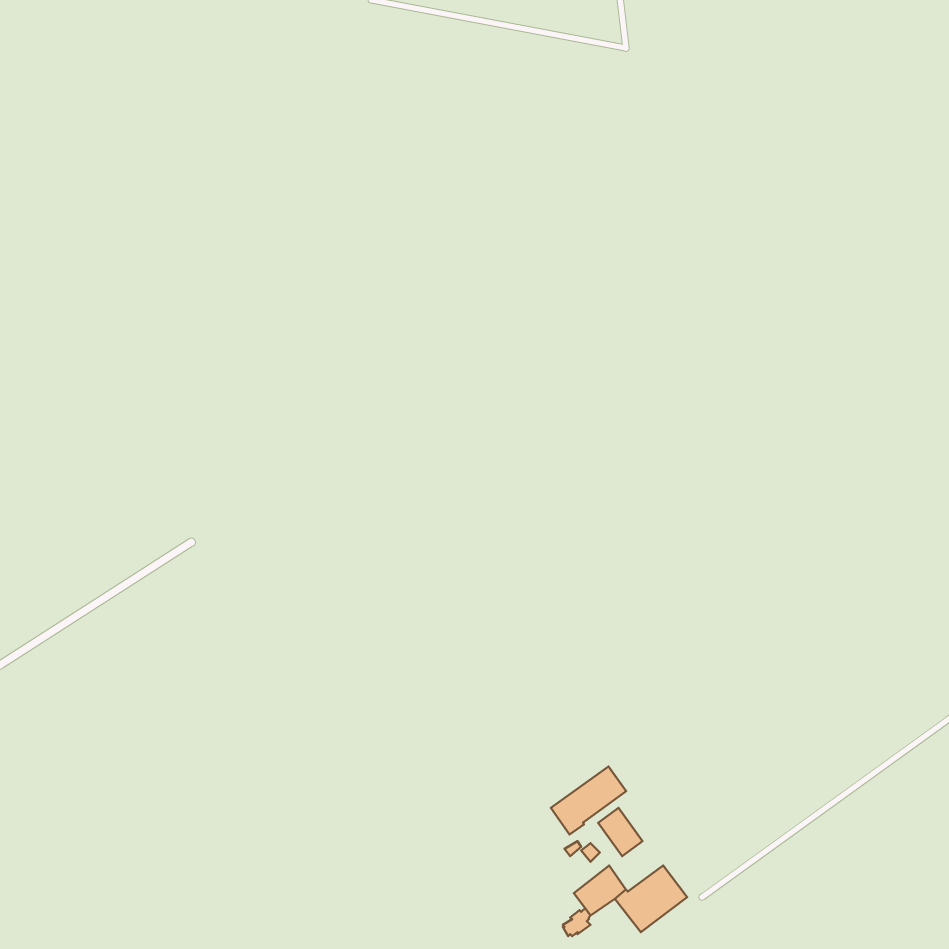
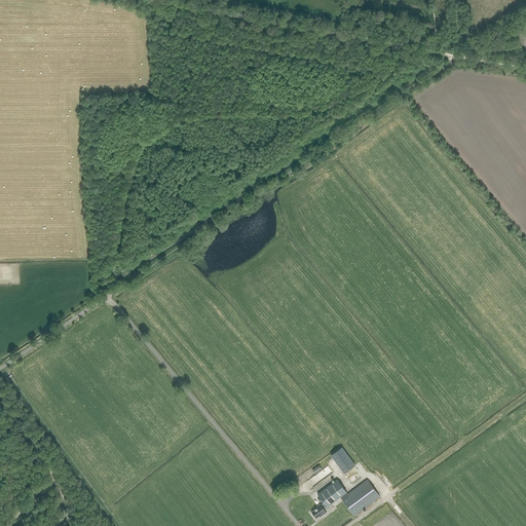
building: [551,766,626,834] -> none

